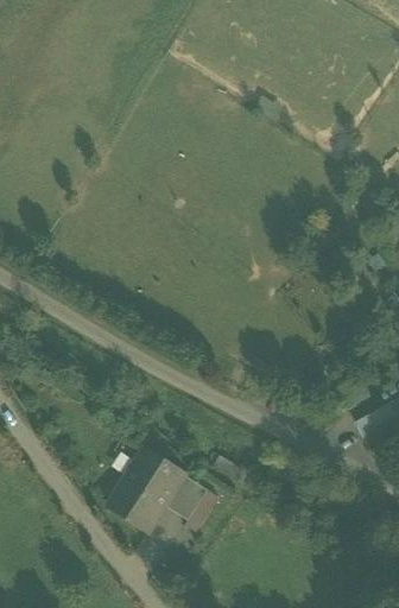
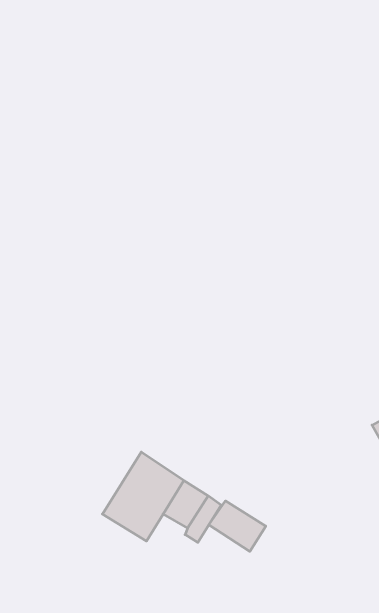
building: none -> [209,501,266,551]

